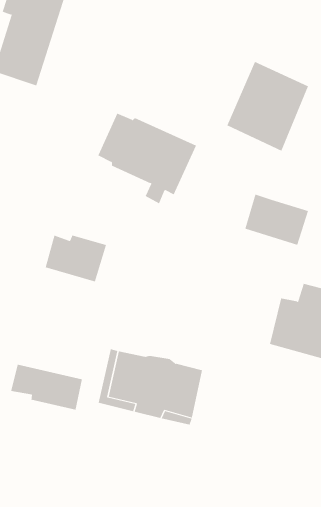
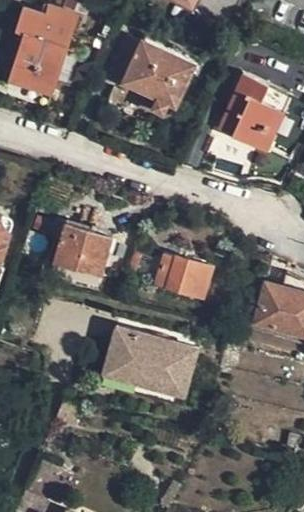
building: [98,113,197,204] -> [108,36,196,117]
building: [245,194,309,246] -> [154,253,211,299]
building: [10,364,83,411] -> none

